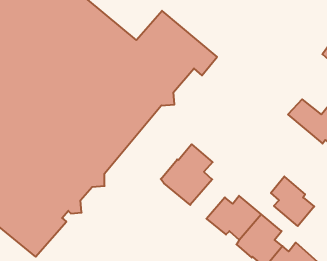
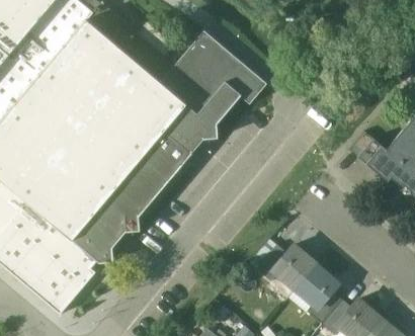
building: [161,144,213,205] -> none
building: [271,176,314,226] -> none

